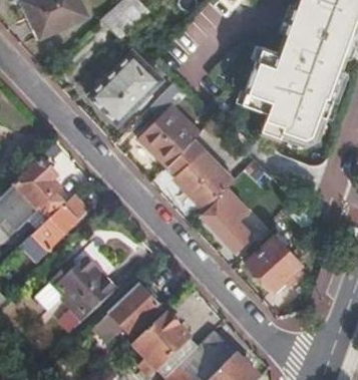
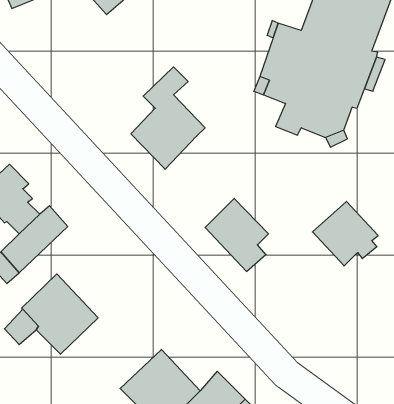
building: [90,52,159,121] -> none
building: [164,138,232,207] -> none
building: [247,236,301,289] -> [312,201,378,266]
building: [93,285,160,340] -> none

